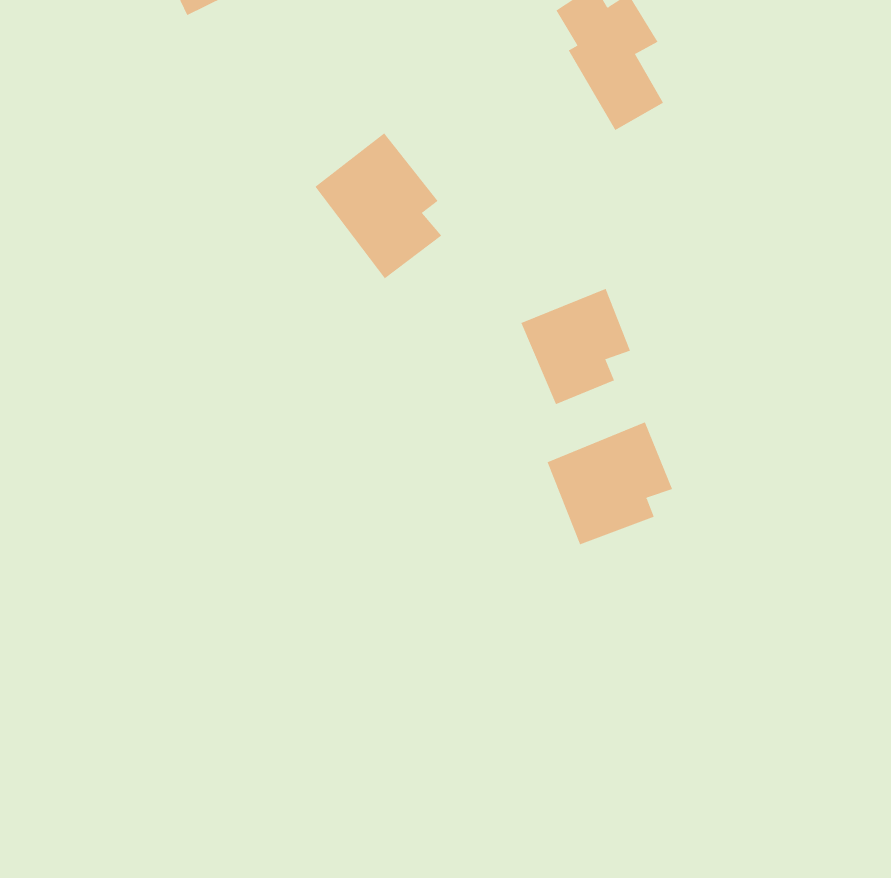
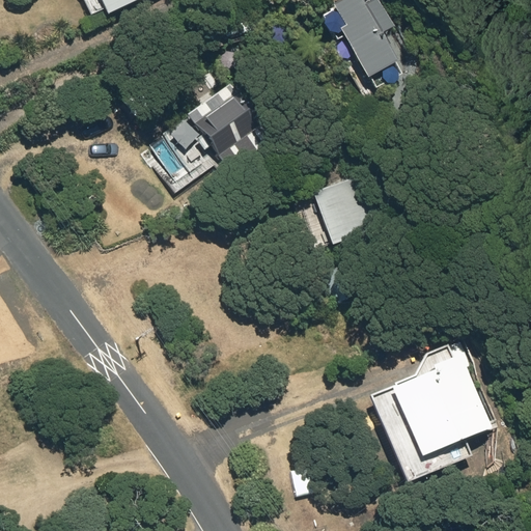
building: [547,422,673,545] -> none
building: none -> [388,357,491,457]

